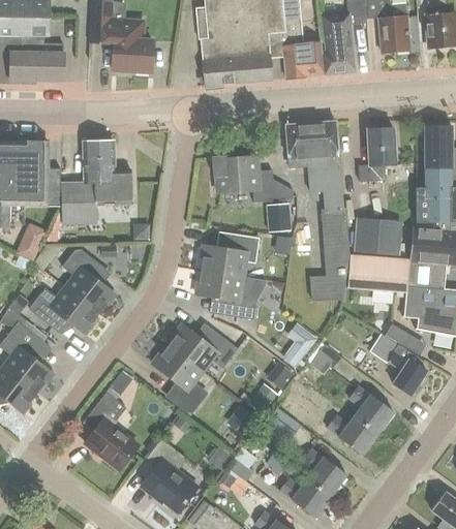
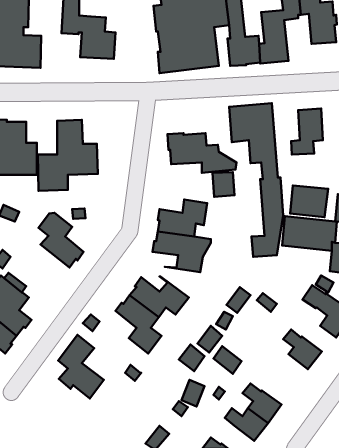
building: [29,287,98,335] -> none
building: [327,414,377,455] -> none
building: [142,440,199,512] -> none

